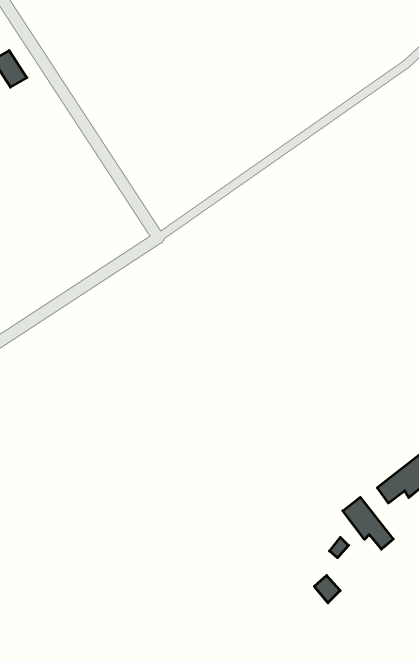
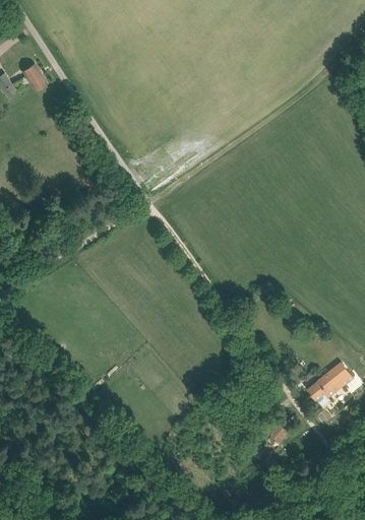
building: [343,497,393,549] -> none

